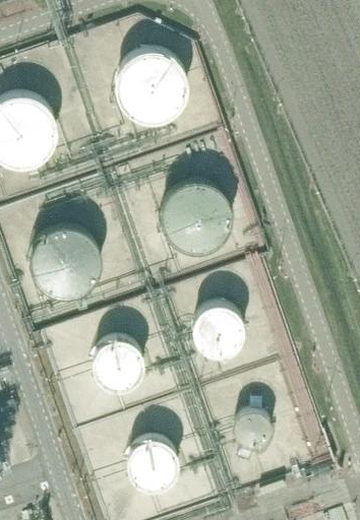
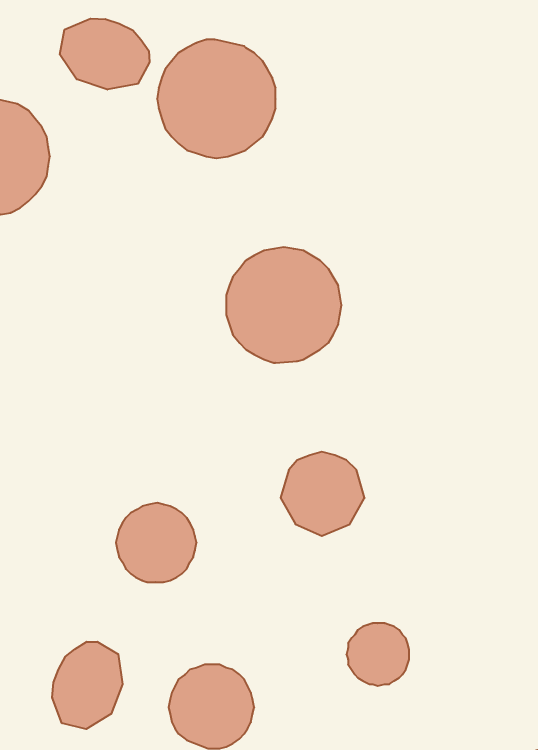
building: none -> [60,19,150,90]
building: [31,220,100,289] -> none
building: none -> [52,642,123,729]

